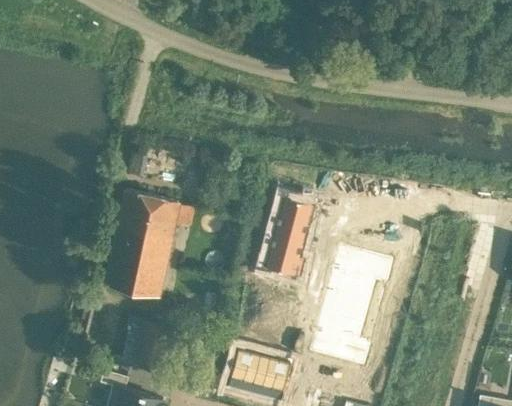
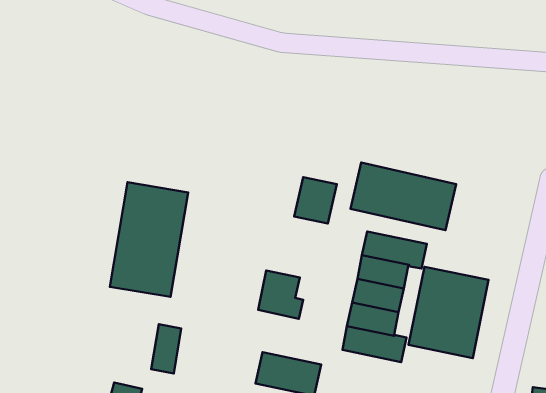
building: none -> [350,163,456,230]
building: [265,230,306,275] -> [258,271,303,319]
building: none -> [409,267,489,358]

